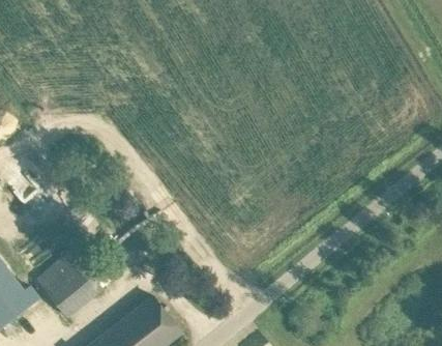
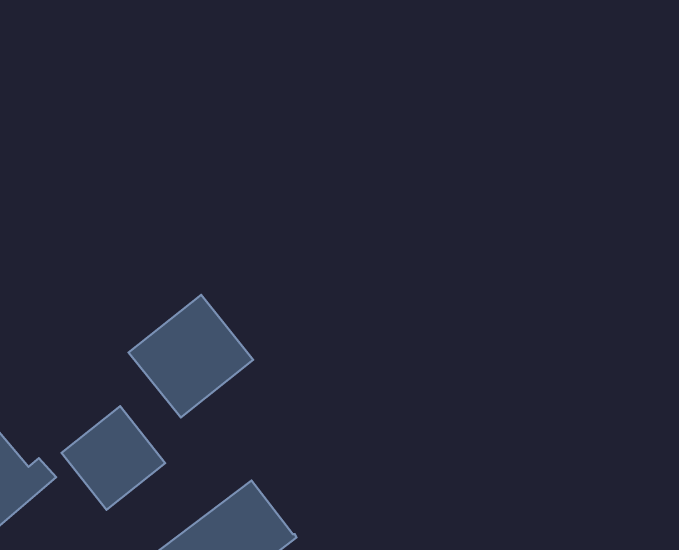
building: none -> [129,295,253,418]

